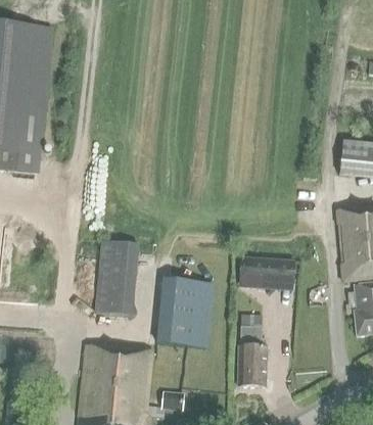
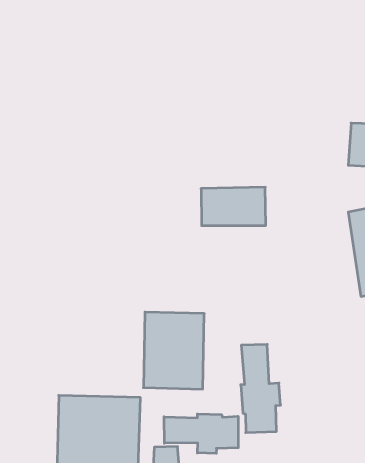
building: [99,238,141,312] -> none
building: [239,256,294,291] -> [201,187,266,226]
building: none -> [164,414,238,453]

